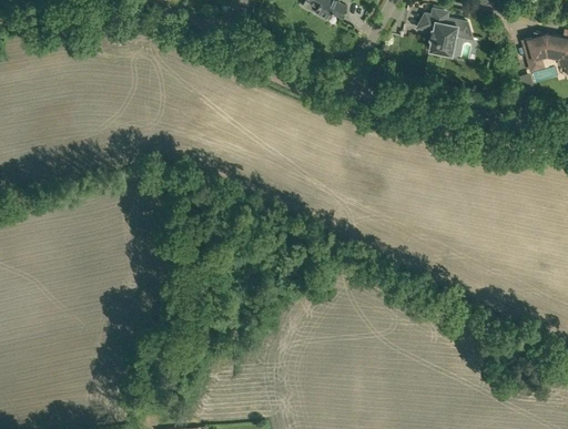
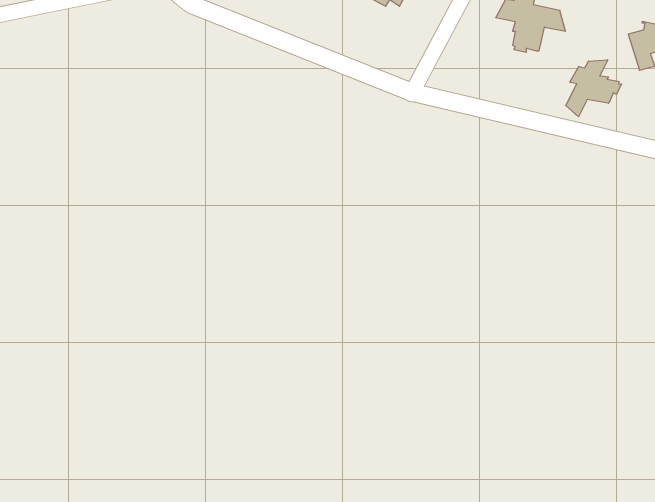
building: none -> [566,60,621,117]

